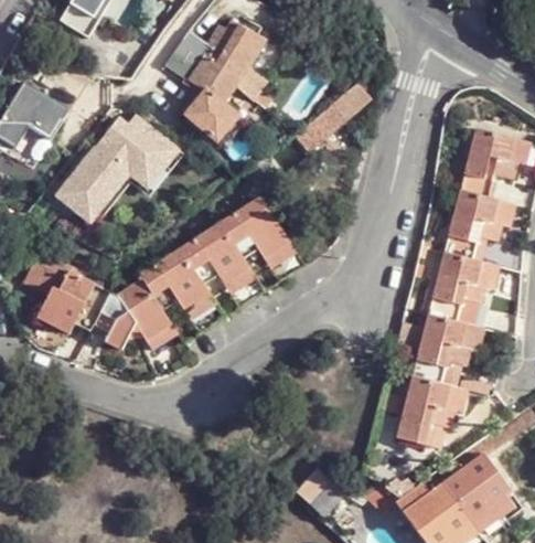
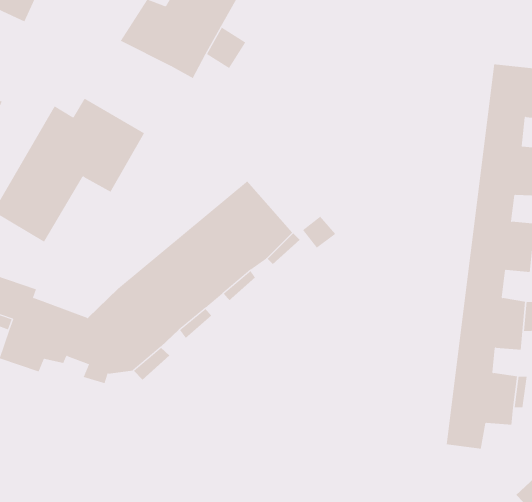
building: [297,86,378,155] -> none
building: [191,95,242,143] -> none

